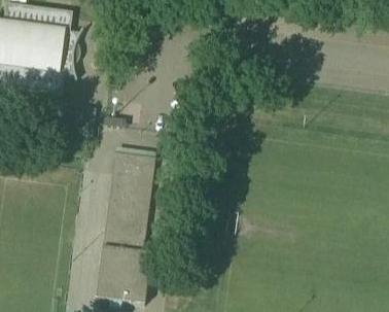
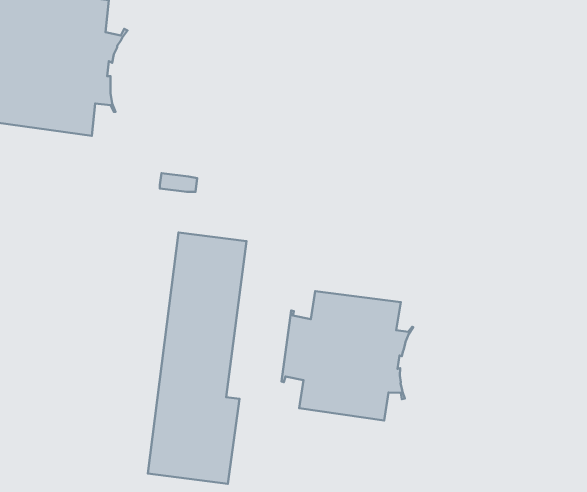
building: none -> [281,291,413,420]

